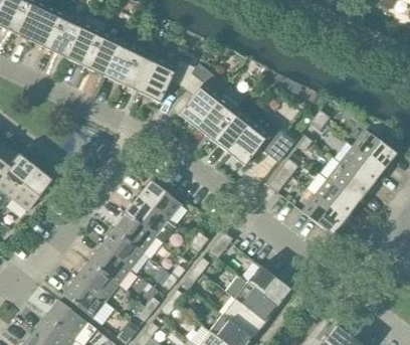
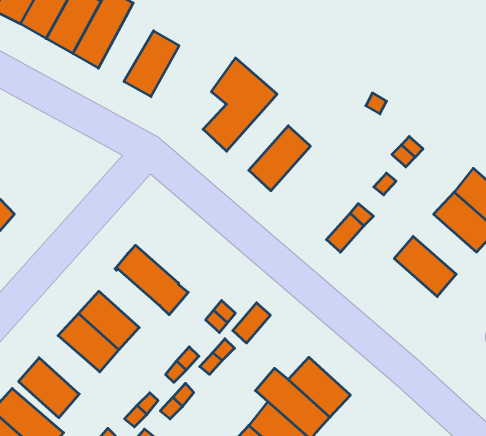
building: [104,40,140,85] -> none
building: [141,58,195,104] -> none
building: [195,88,243,141] -> none
building: [227,122,294,167] -> none
building: [327,163,371,203] -> none
building: [137,180,181,221] -> none
building: [301,195,346,236] -> none
building: [114,214,156,253] -> none
building: [75,263,118,302] -> none

